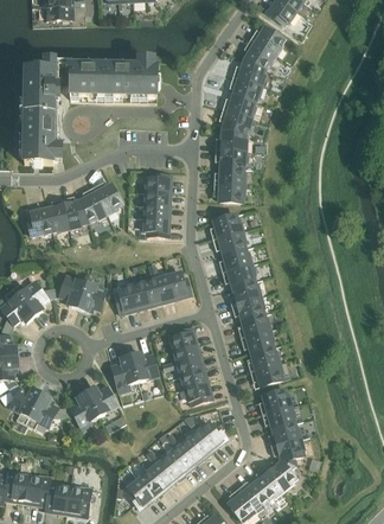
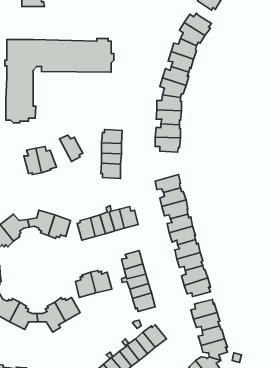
building: [81,186,108,222] -> none
building: [26,205,53,236] -> none
building: [210,215,243,239] -> none

